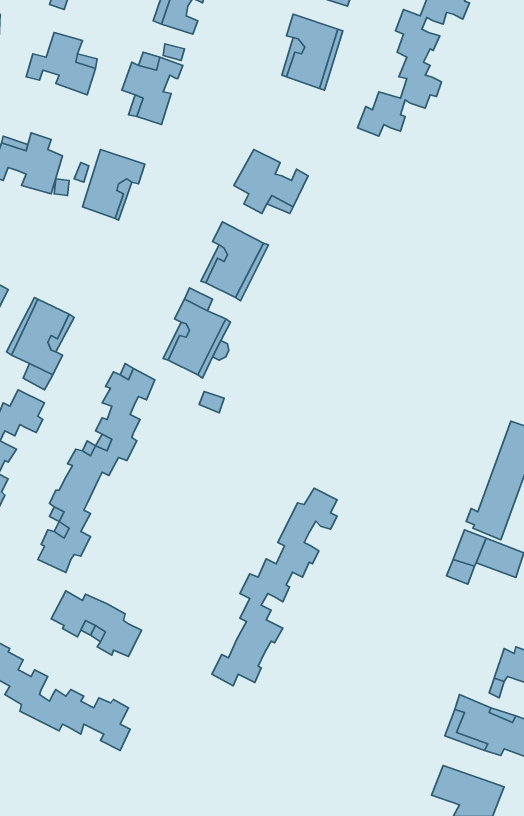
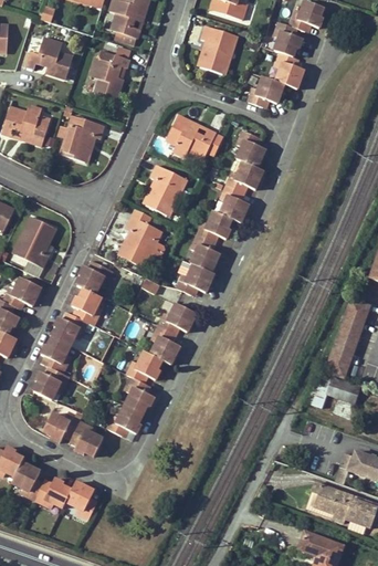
building: none -> [177,129,265,294]
building: [212,488,337,686] -> [107,303,191,436]

